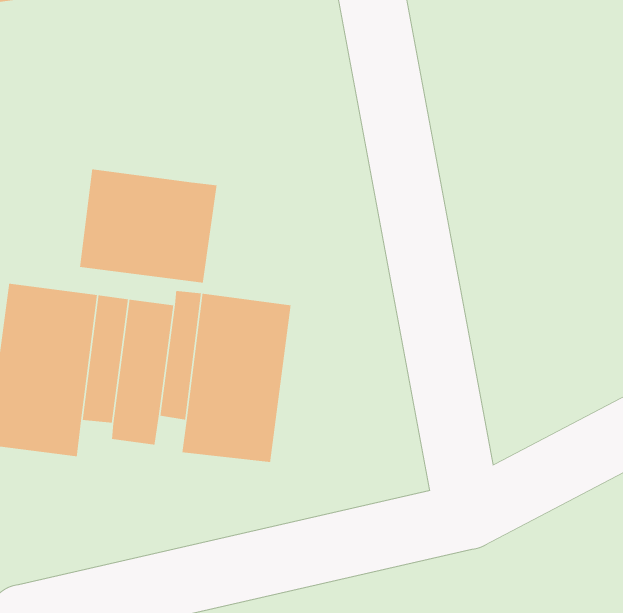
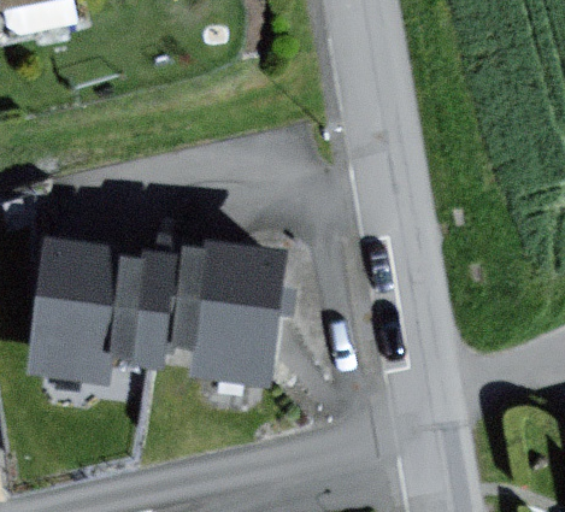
building: [79,169,217,283] -> none

